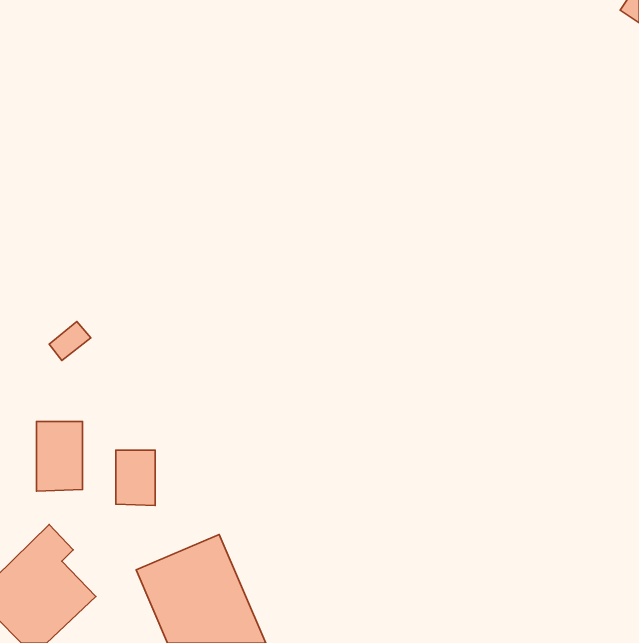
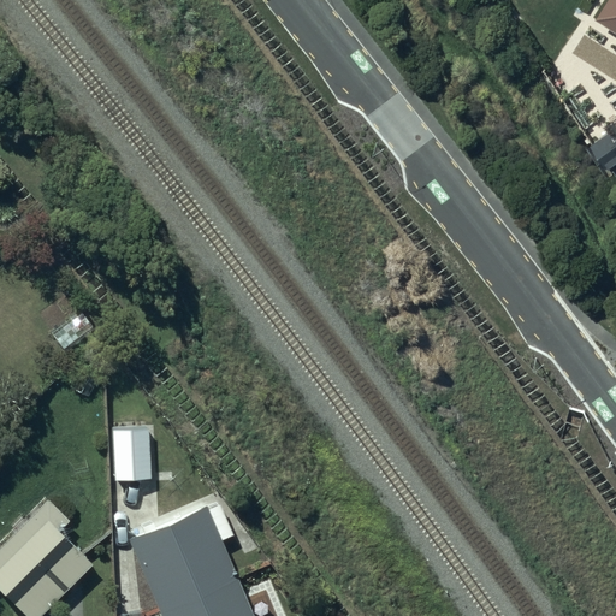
building: [37,422,83,491] -> none

